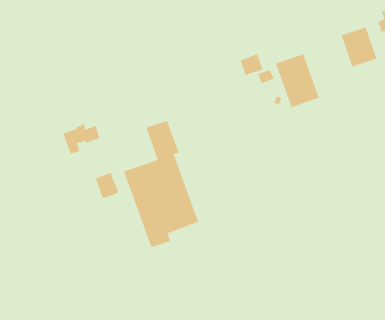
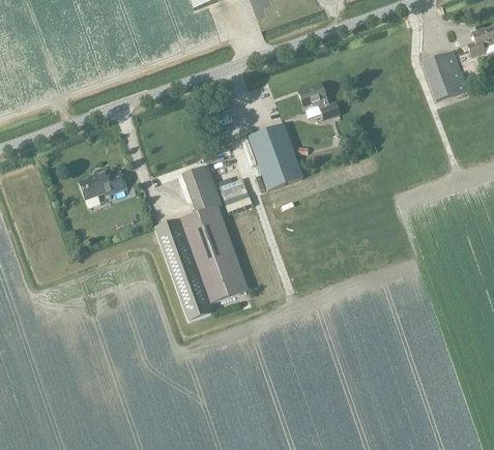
building: [275,53,320,108] -> [248,122,302,189]
building: [95,172,119,199] -> none

